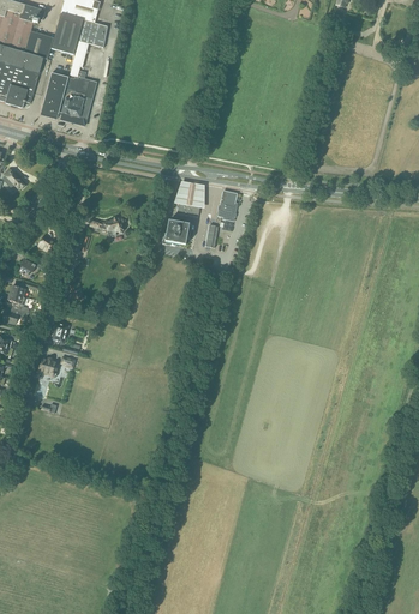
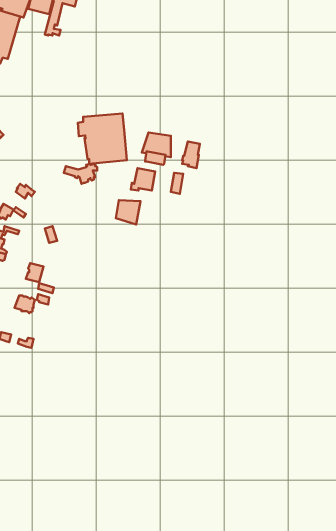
building: [41,72,97,125] -> none
building: none -> [78,113,127,164]
building: none -> [116,200,140,224]

